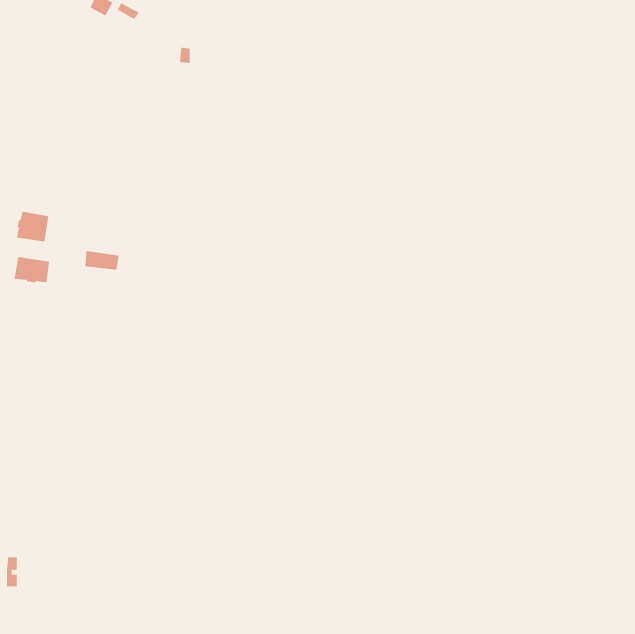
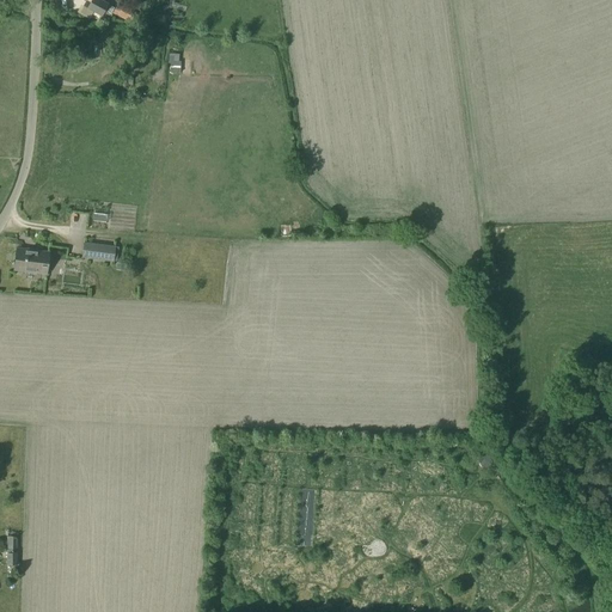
building: [16,211,49,242] -> none

